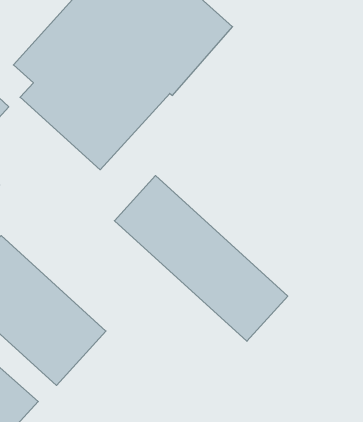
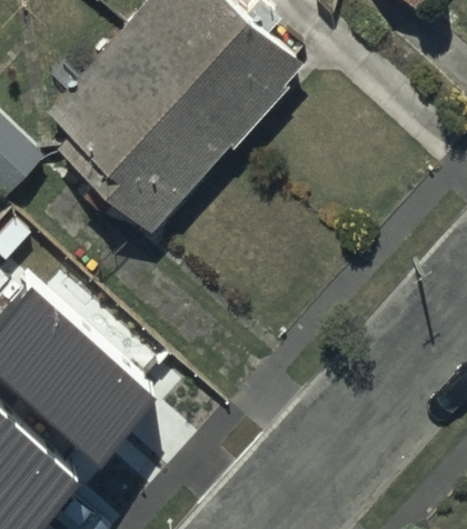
building: [114,176,288,341] -> none

